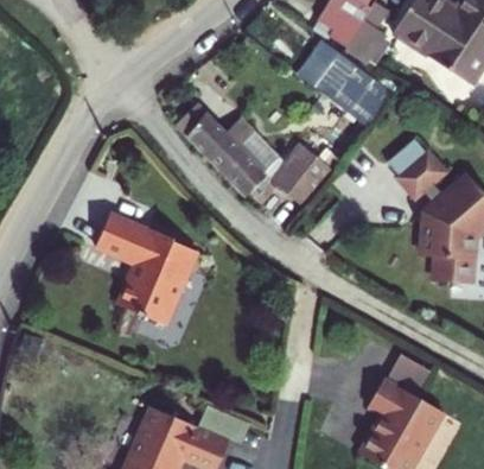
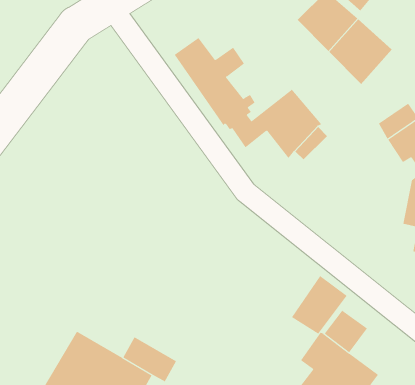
building: [77,211,180,325] -> none
building: none -> [291,275,347,334]

